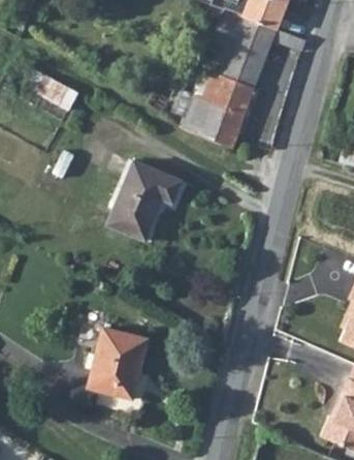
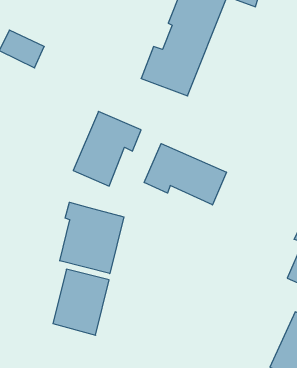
building: none -> [144,144,226,205]
building: none -> [60,202,124,274]

